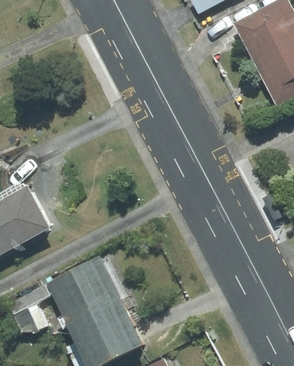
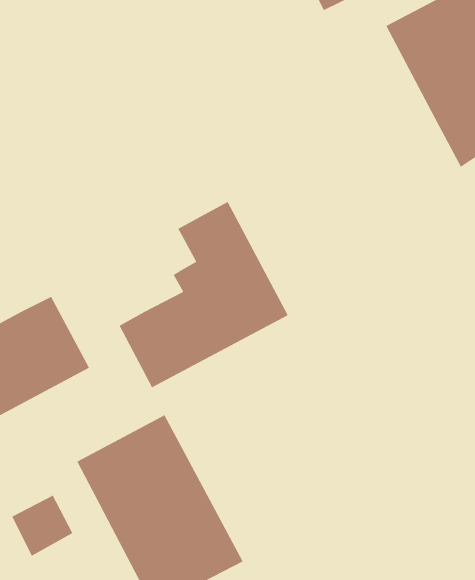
building: none -> [119,201,289,388]

